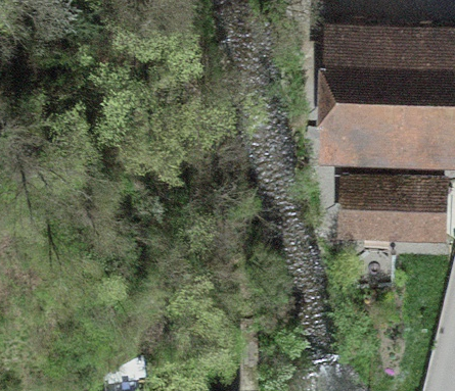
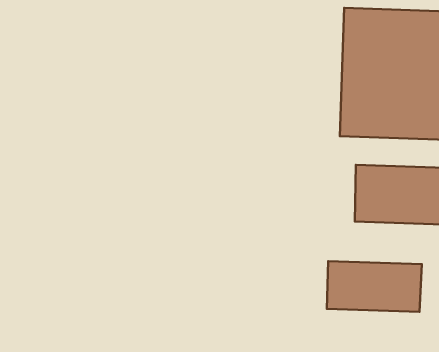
building: none -> [327,261,422,312]

